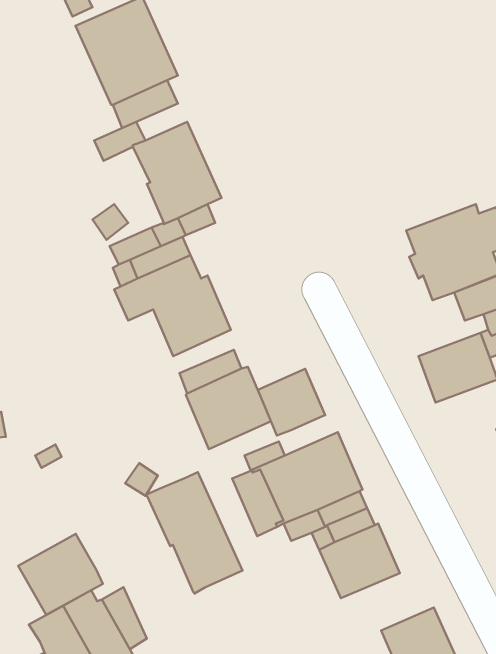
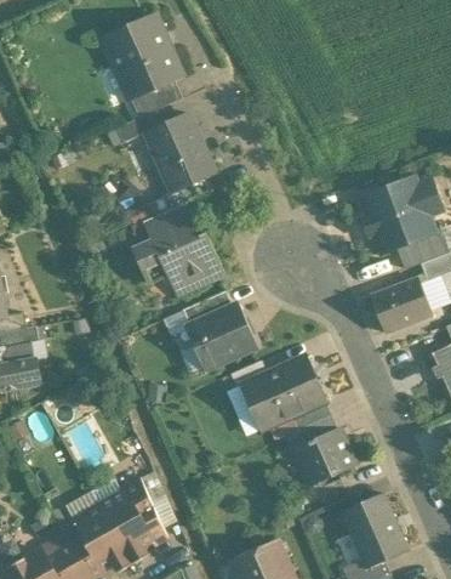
building: [258,369,325,435] -> none
building: [146,472,242,593] -> none
building: [18,534,103,615] -> none

